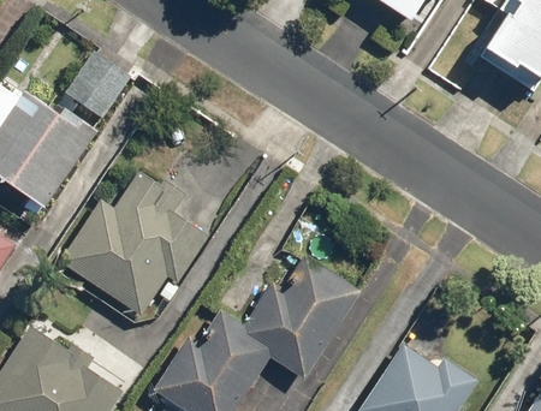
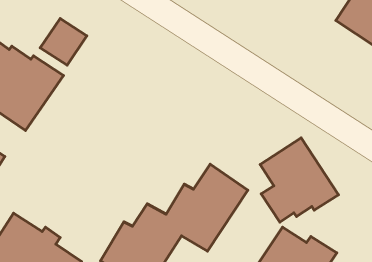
building: [59,169,209,315] -> none
building: none -> [260,138,339,222]

